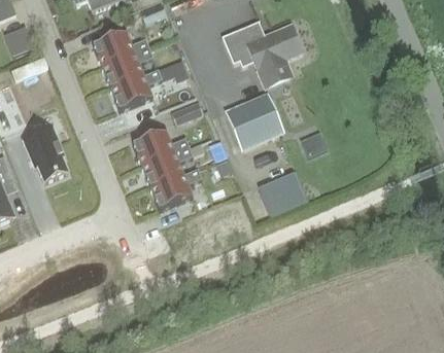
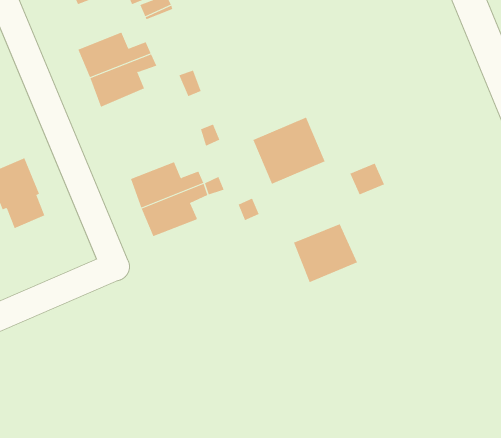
building: [221,19,303,86] -> none
building: [110,68,162,109] -> none
building: [150,167,202,208] -> none

